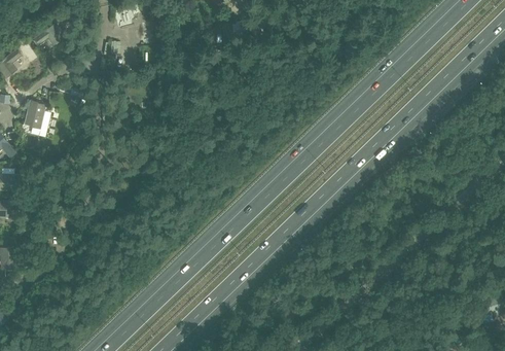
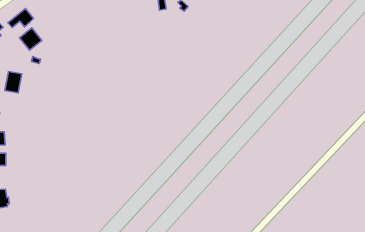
building: none -> [20,28,42,50]

